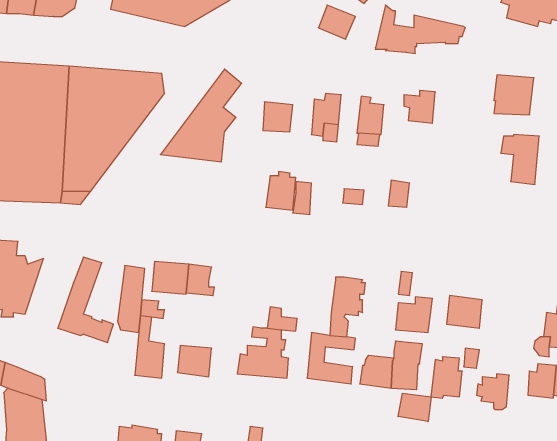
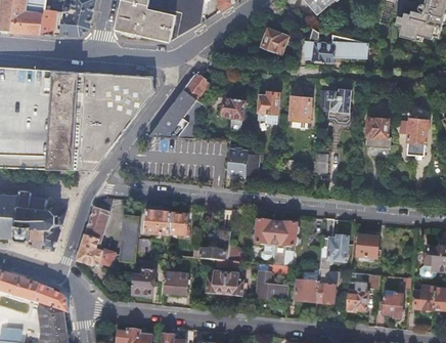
building: [494,75,534,115] -> [363,118,392,146]
building: none -> [251,220,275,248]
building: none -> [195,229,229,259]
building: [398,393,431,422] -> none

